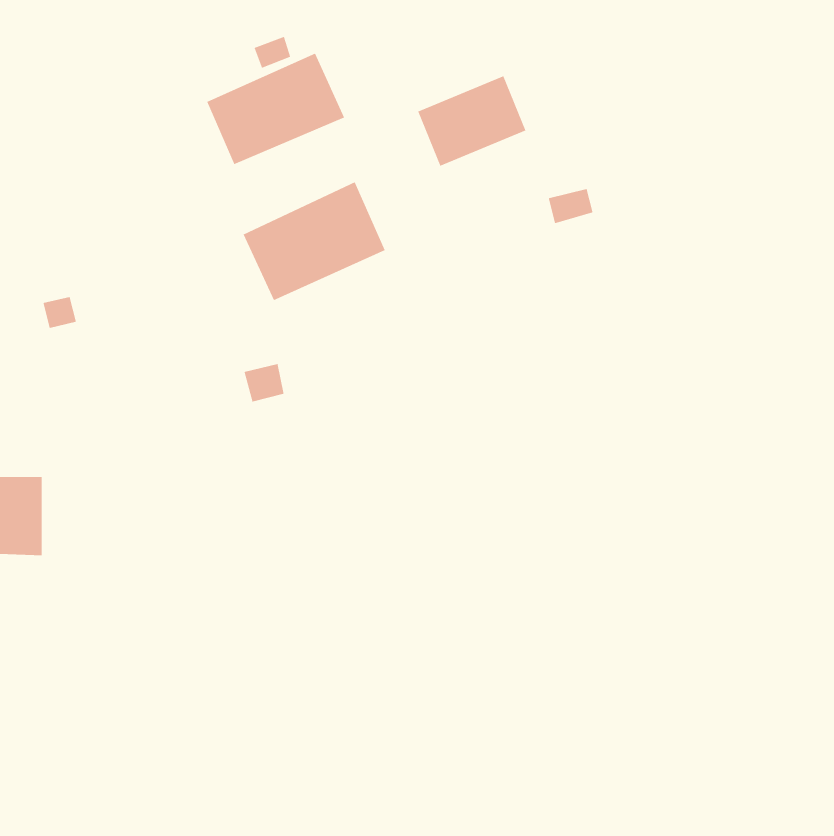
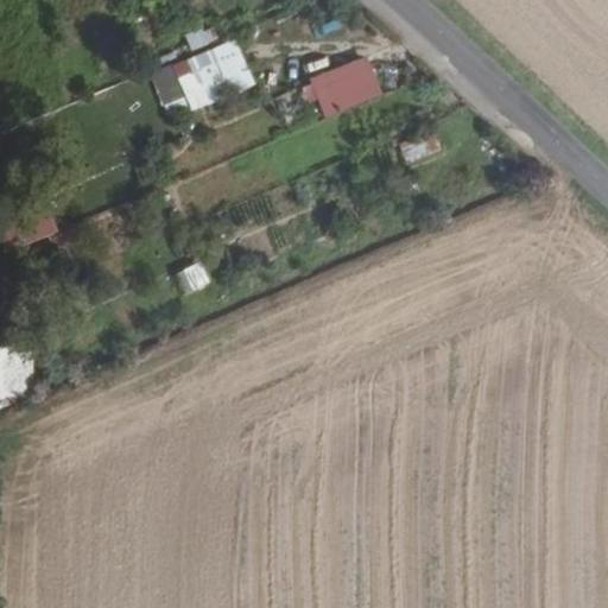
building: [243,181,386,301] -> none

